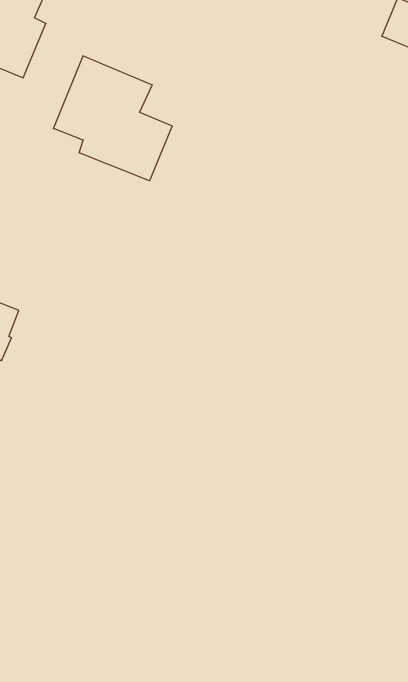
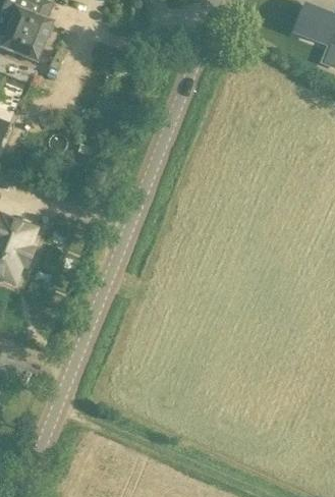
building: [53,56,172,181] -> none

